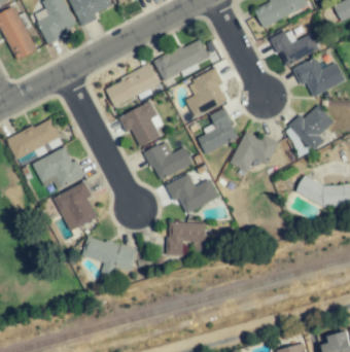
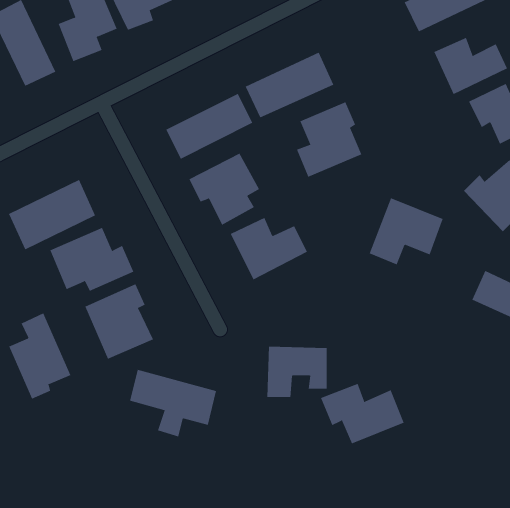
building: [197,109,238,153] -> none
building: [166,175,218,213] -> [320,383,404,444]
building: none -> [9,313,71,399]

